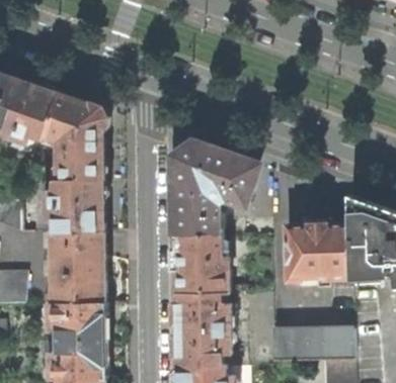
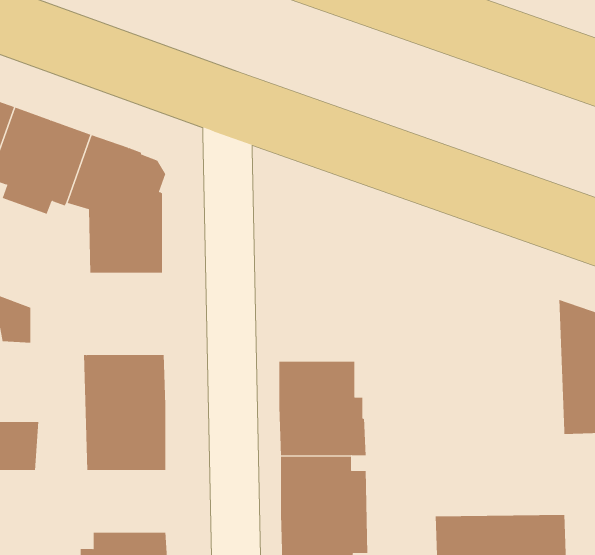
building: [173,141,255,234] -> none
building: [45,180,103,230] -> none
building: [288,220,351,281] -> none
building: [51,302,106,341] -> none

